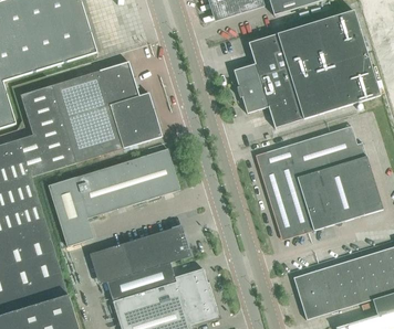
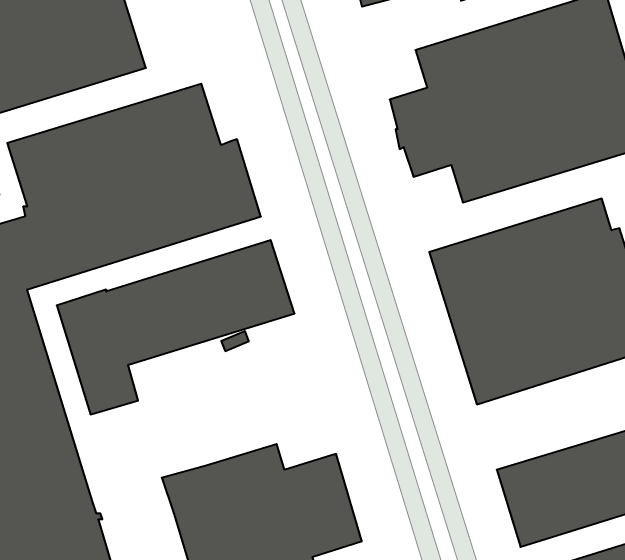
building: [95,224,190,282] -> none

